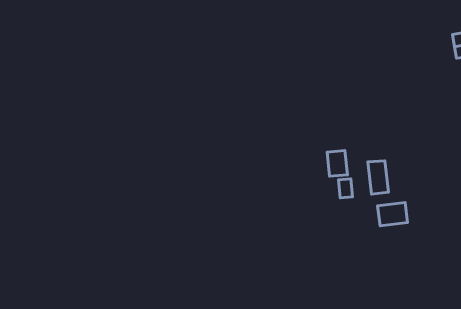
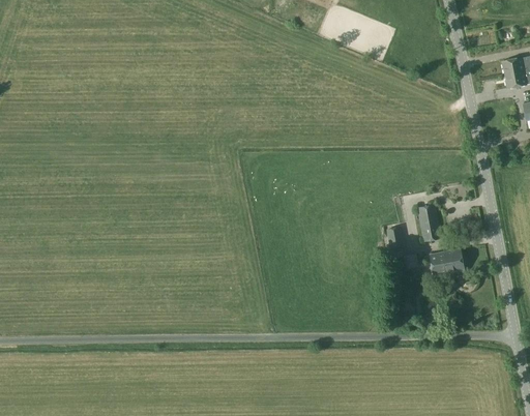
building: [327,151,347,176] -> none

